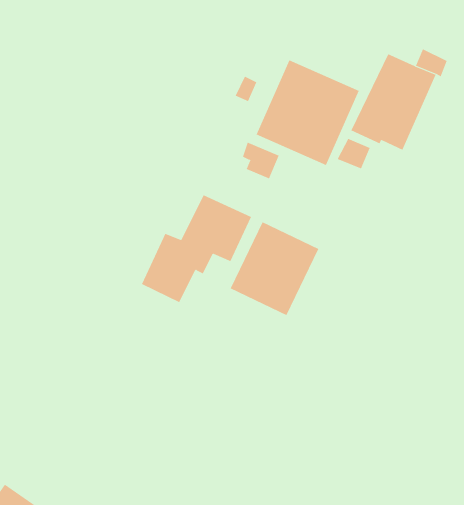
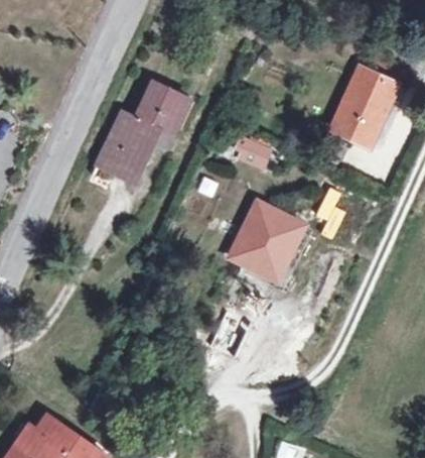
building: [256,59,360,166] -> none
building: [141,195,252,303] -> [101,83,190,170]

